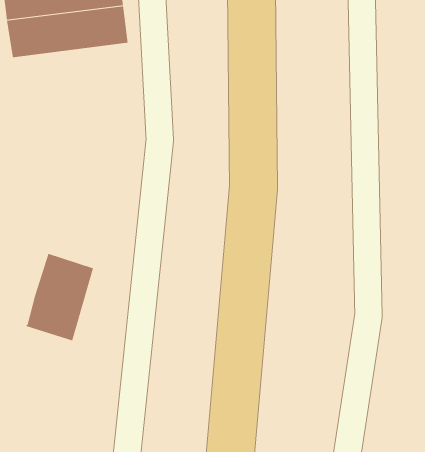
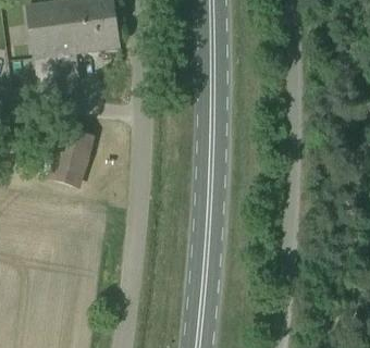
building: [25,253,94,341] -> [46,125,96,189]

